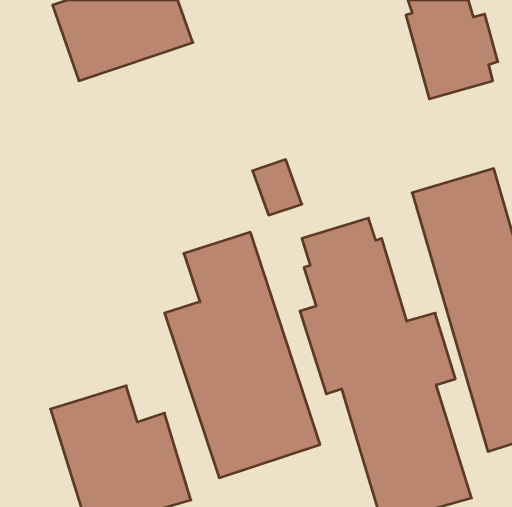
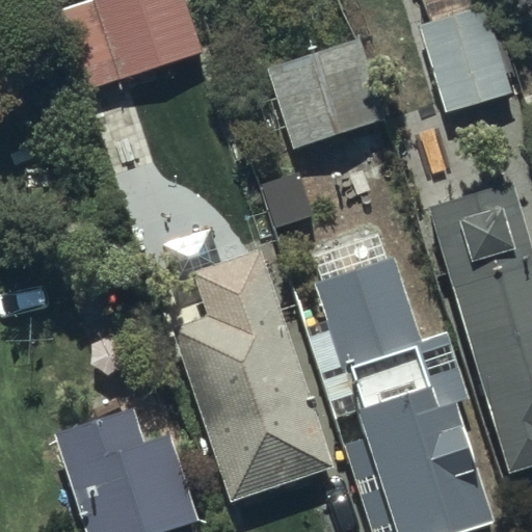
building: none -> [267,39,387,149]

